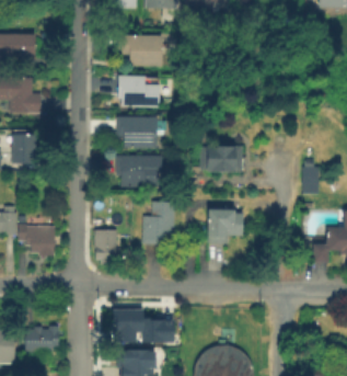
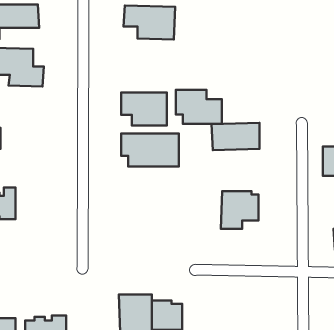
building: [116,77,159,109] -> [176,90,222,124]
building: [11,134,41,163] -> none
building: [140,202,173,244] -> none
building: [18,224,55,257] -> none
building: [93,230,118,260] -> none

